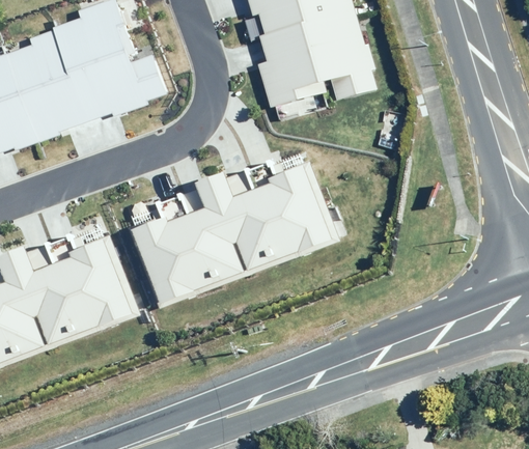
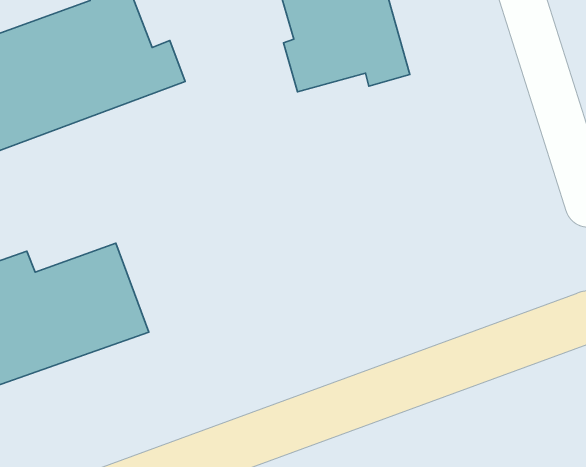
building: [130,163,336,306] -> none

